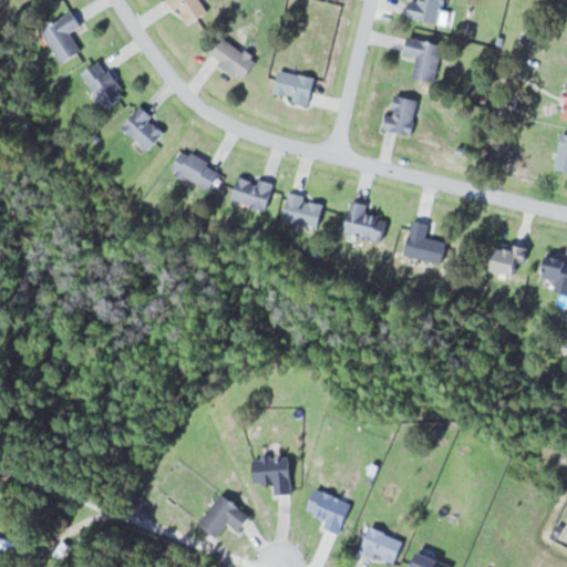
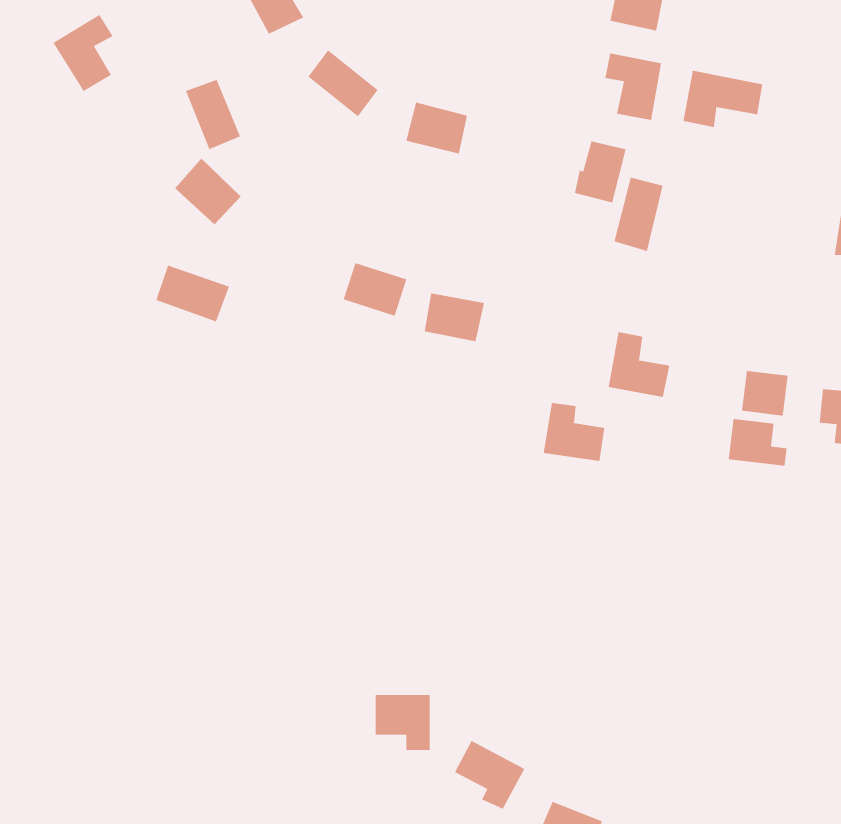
building: none -> [683,70,763,128]
building: [83,62,120,109] -> [185,79,241,150]
building: none -> [614,177,663,252]
building: [171,152,219,189] -> [156,265,230,322]
building: [344,202,385,240] -> [543,403,605,462]
building: none -> [728,418,787,467]
building: [196,495,247,537] -> none

